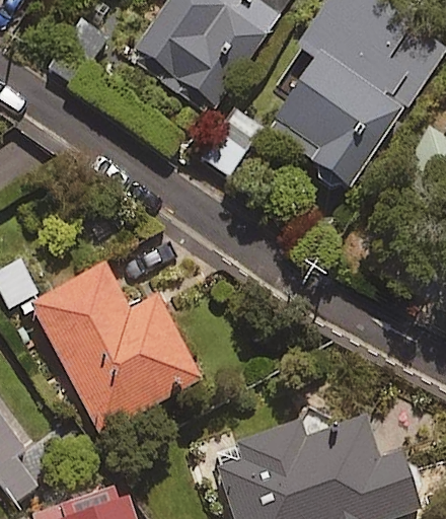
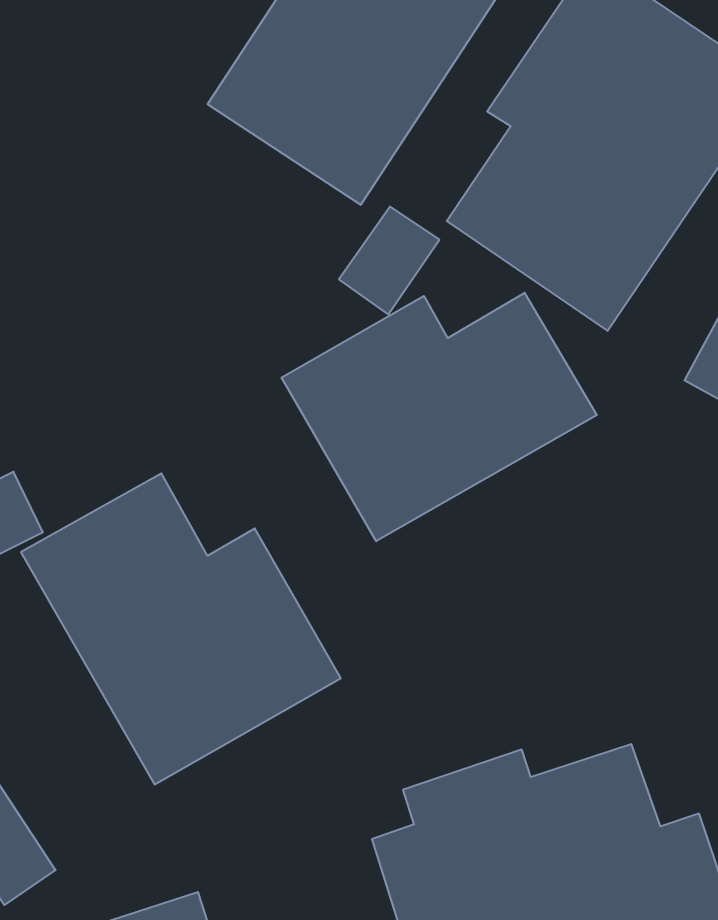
building: none -> [282,293,597,541]

